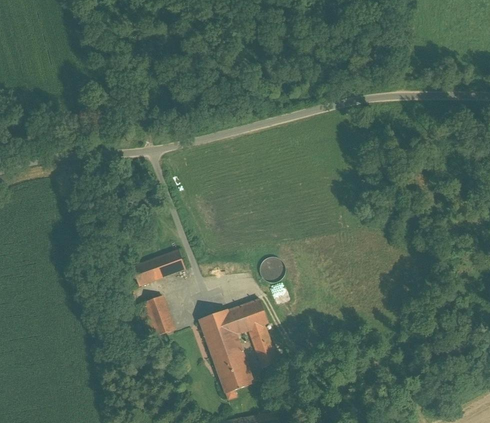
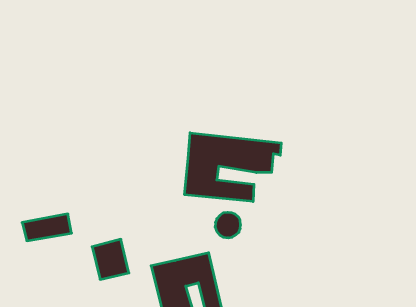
building: none -> [185,133,281,202]
building: [130,249,184,282] -> [22,214,72,241]

